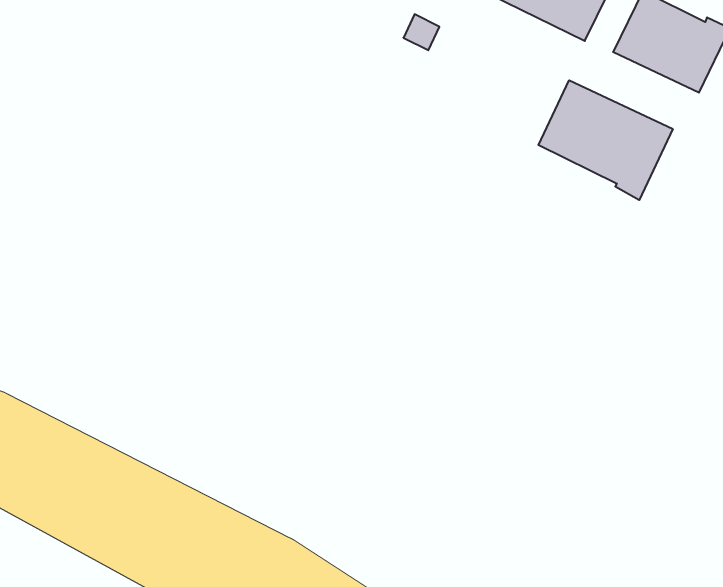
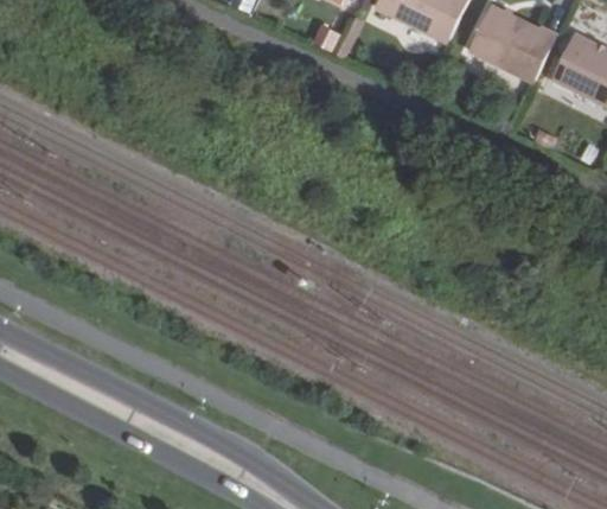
building: [538,80,673,200] -> none

